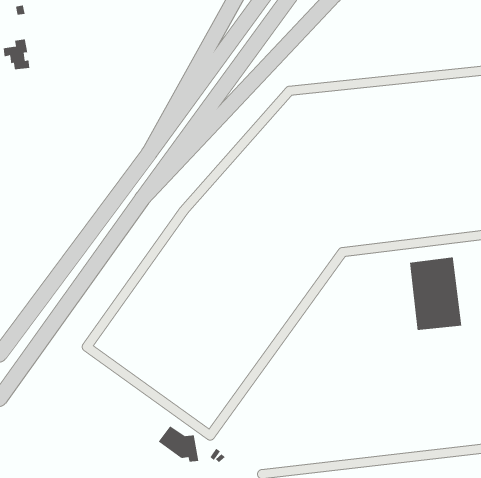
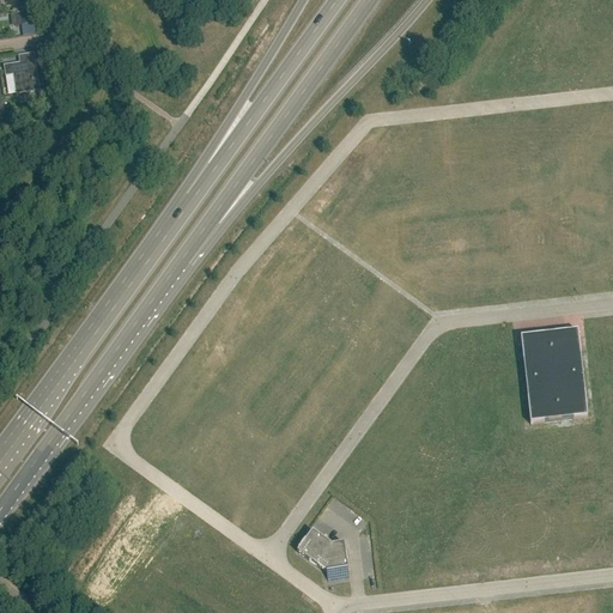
building: [158,425,199,462] -> [296,527,348,573]

